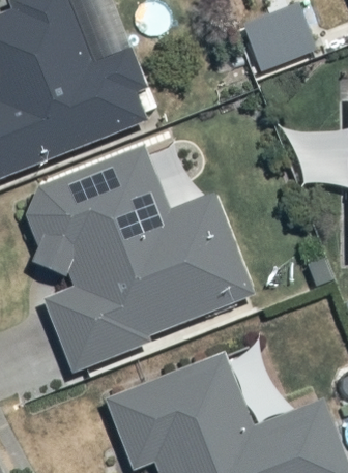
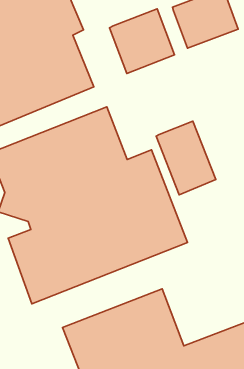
building: none -> [109,9,175,74]
building: none -> [156,121,216,195]

